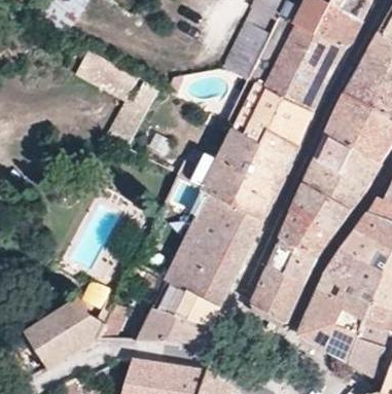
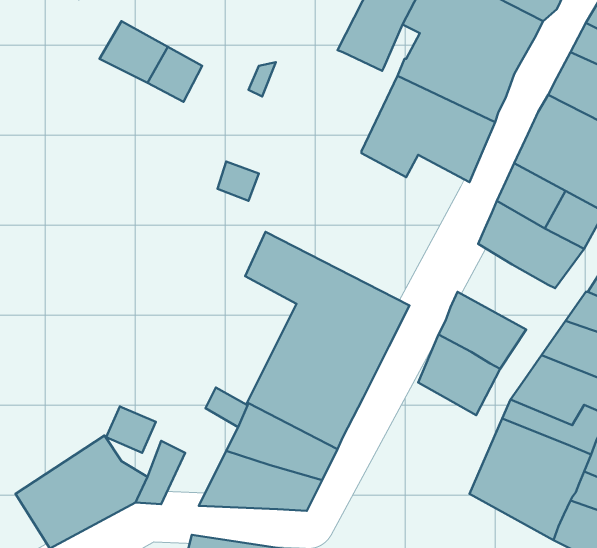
building: [176,130,298,221] -> none
building: [291,184,350,236] -> none
building: [251,267,302,323] -> none

